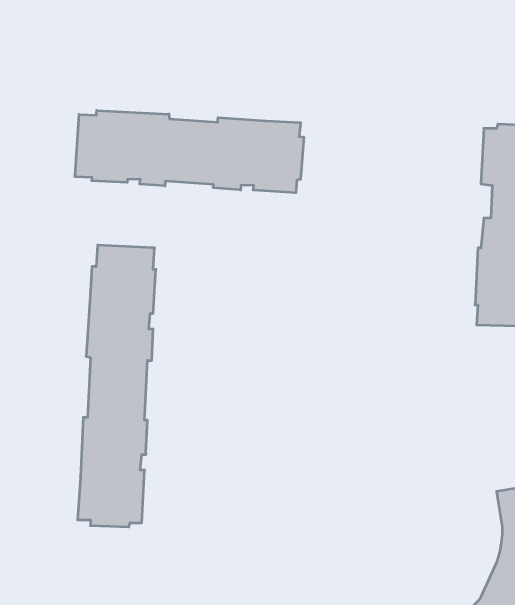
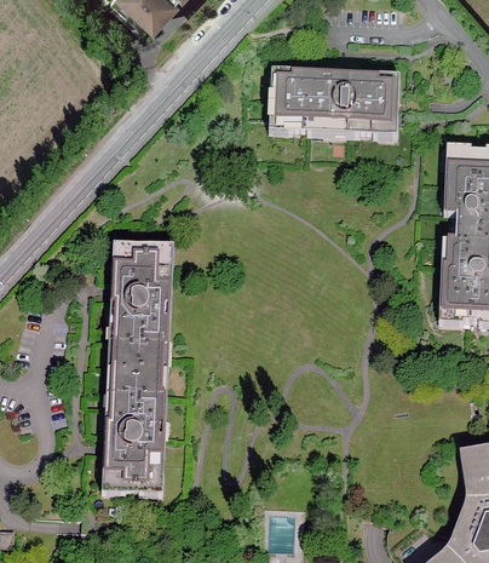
building: none -> [275,68,396,131]
building: [75,110,304,193] -> none

